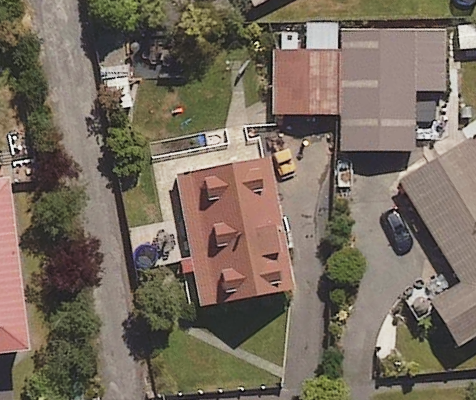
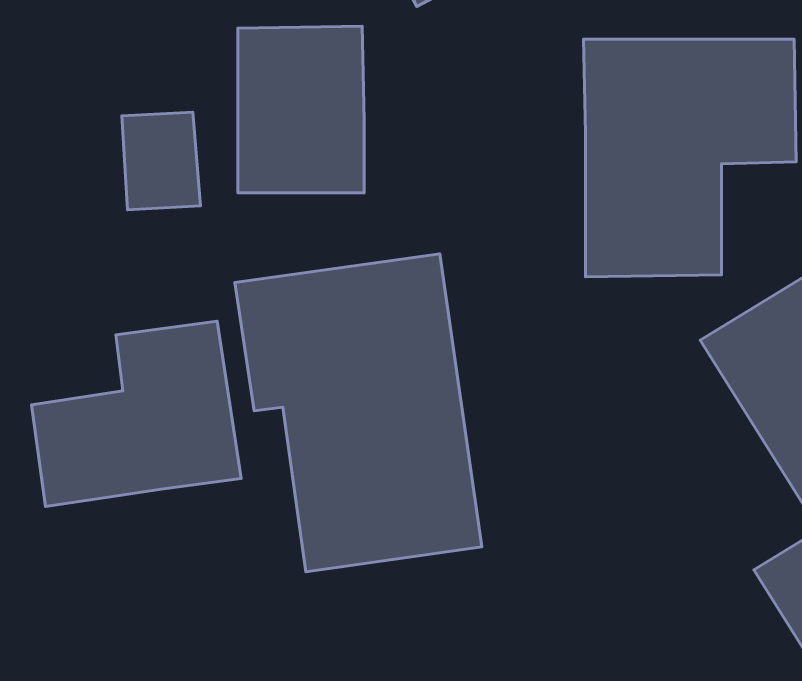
building: [276,26,342,113] -> [238,26,364,193]
building: none -> [31,321,241,507]

